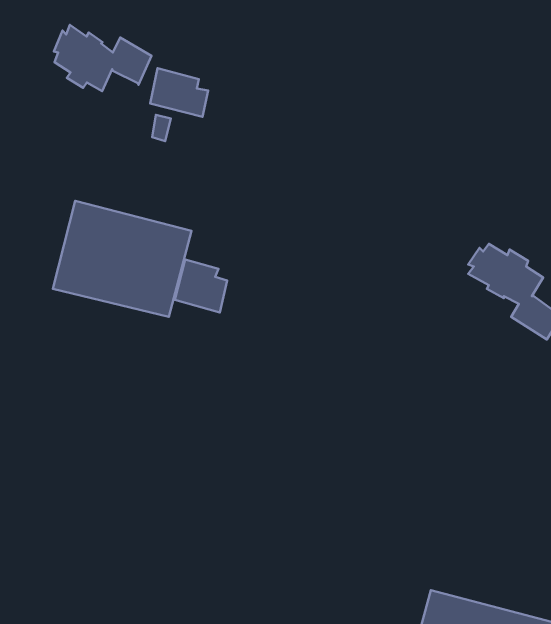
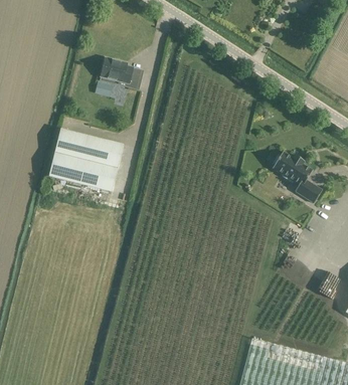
building: [54,25,151,91] -> none
building: [175,259,227,313] -> none

